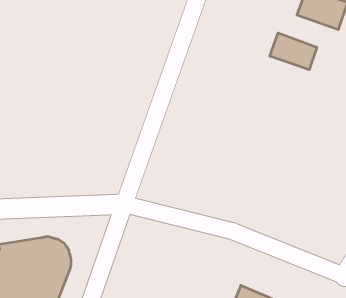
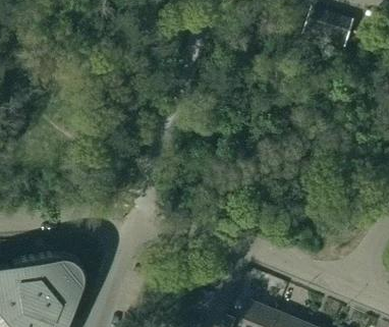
building: [270,33,317,70] -> none

